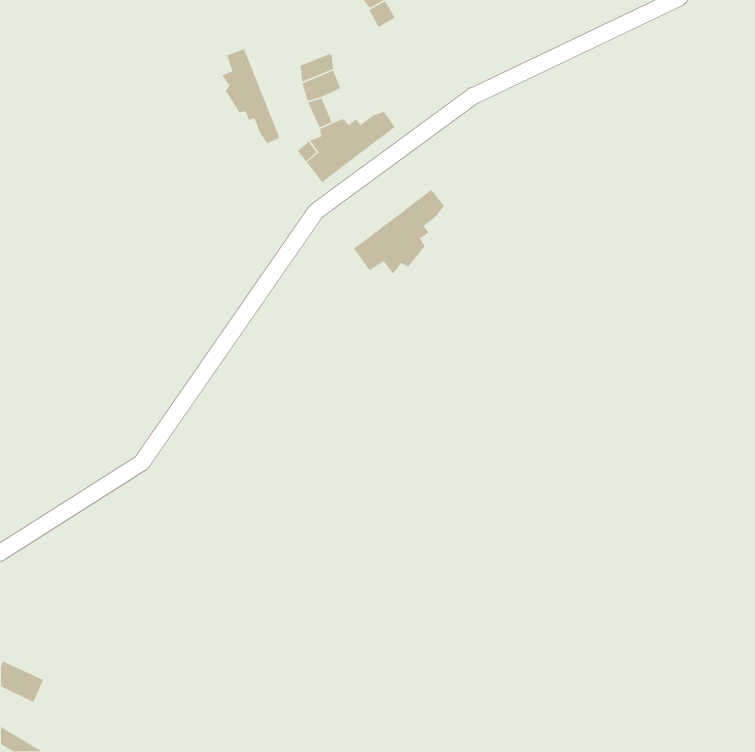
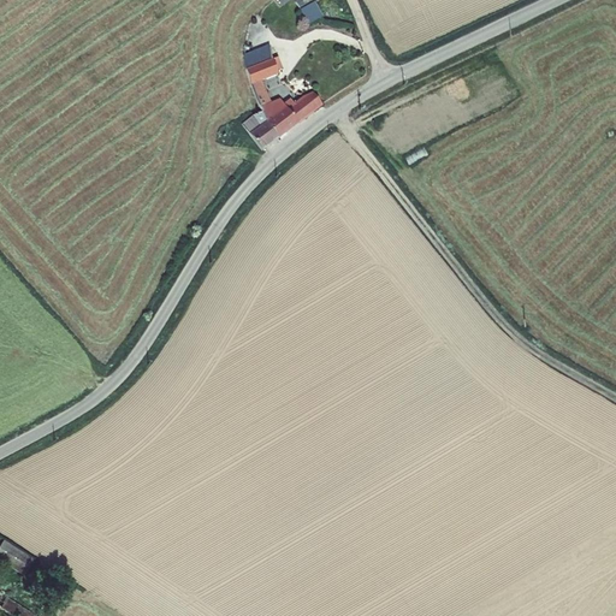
building: [221,48,281,144] -> none
building: [353,189,445,275] -> none

